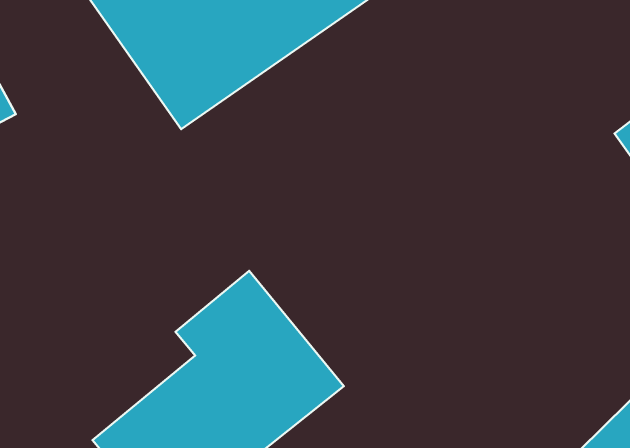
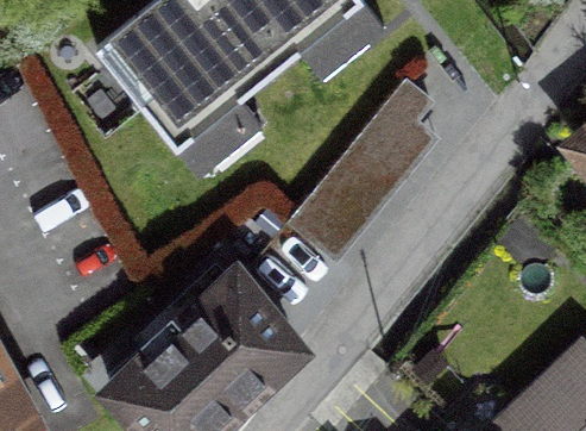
building: none -> [303,57,465,239]

